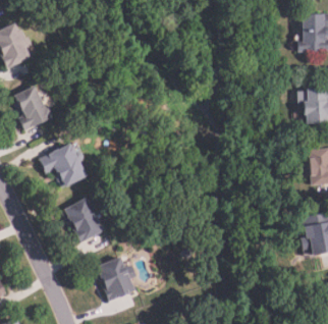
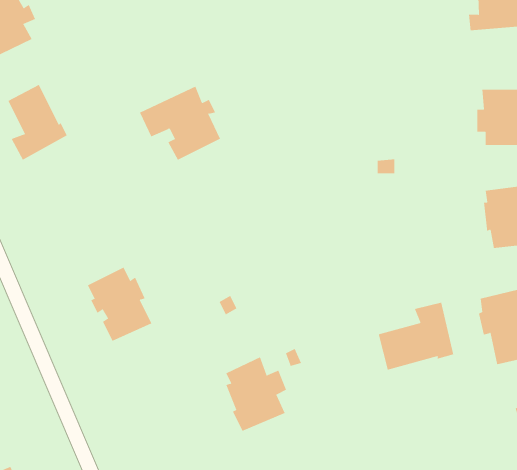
building: [37,143,87,188] -> [139,86,221,161]
building: none -> [378,302,454,370]
building: [99,256,136,302] -> [225,357,287,431]

